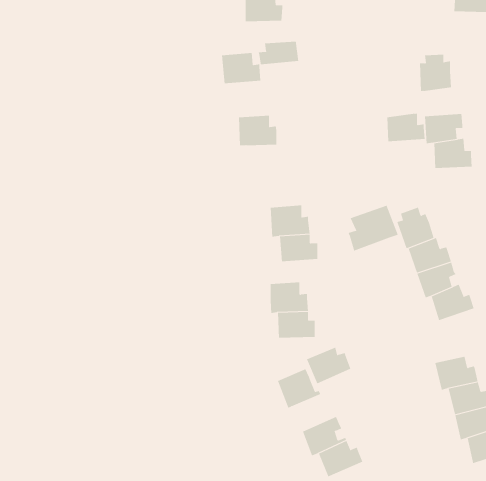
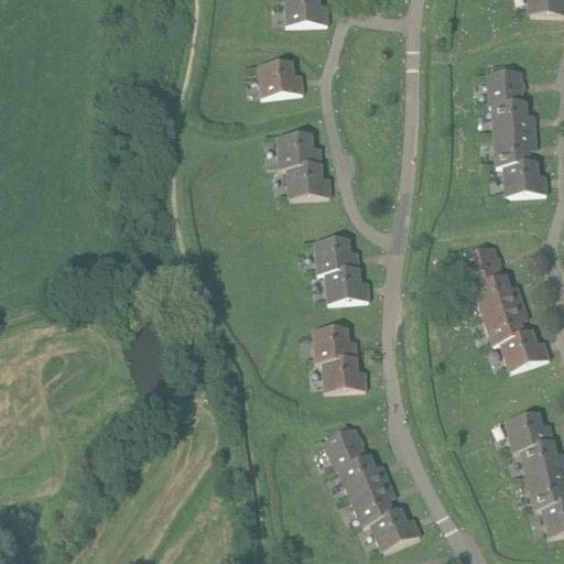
building: [258,41,299,65] -> none
building: [386,113,426,142] -> [490,101,535,134]
building: none -> [285,167,330,198]
building: [348,205,398,252] -> none
building: [306,347,351,384] -> [338,456,390,499]

